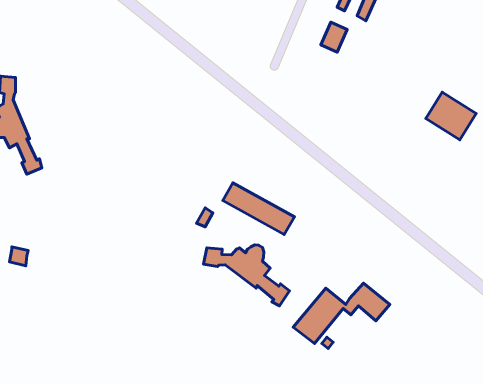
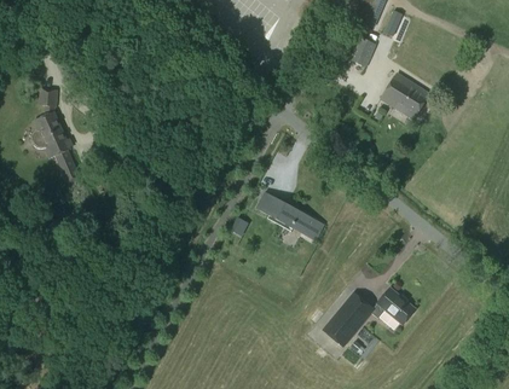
building: [426,92,476,140] -> [381,72,429,118]
building: [204,245,290,306] -> none

